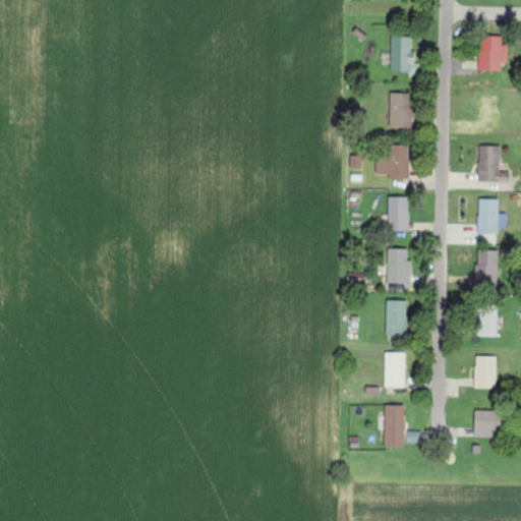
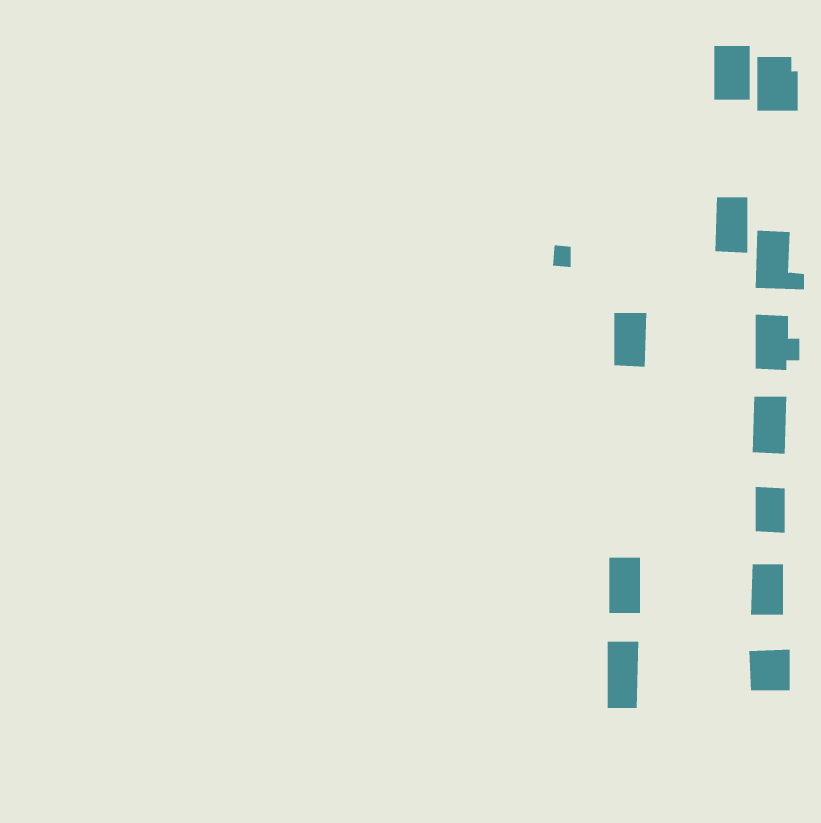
building: [390,37,413,71] -> [713,45,750,100]
building: [389,93,410,128] -> [714,197,748,253]
building: [374,147,409,179] -> none
building: [387,248,410,284] -> none
building: [386,300,407,339] -> none

